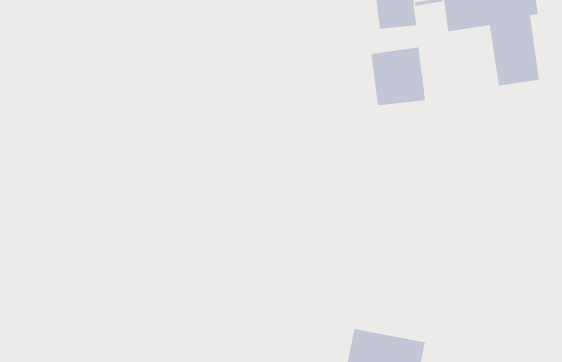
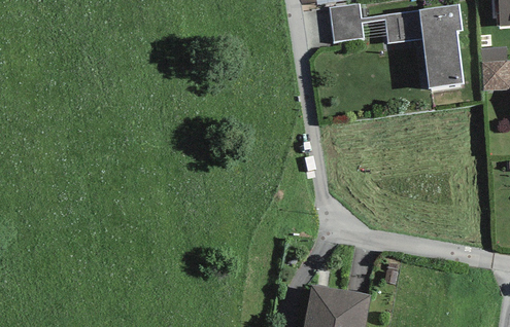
building: [371,47,426,106] -> none

